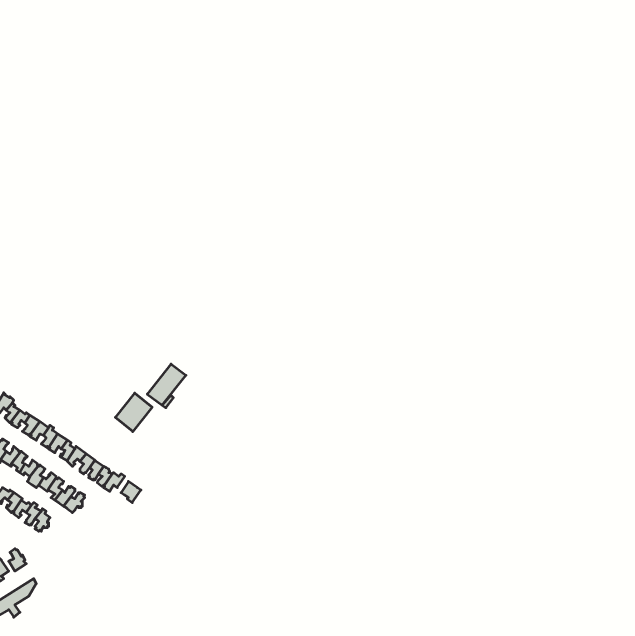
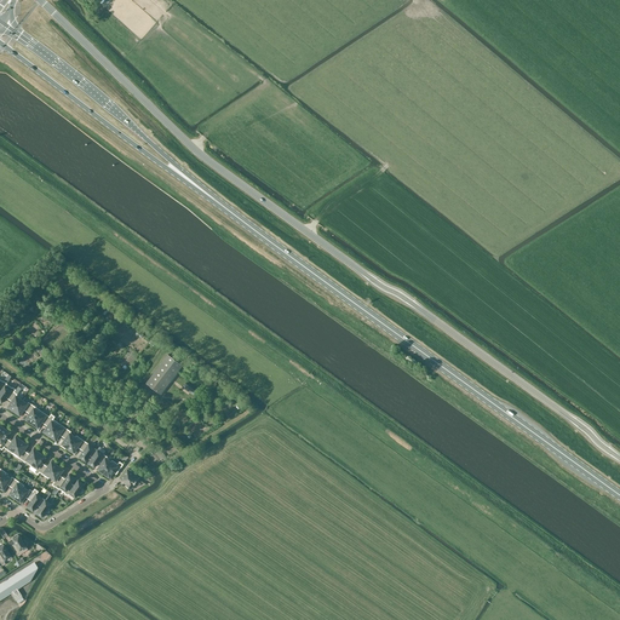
building: [115,393,152,432] -> none

